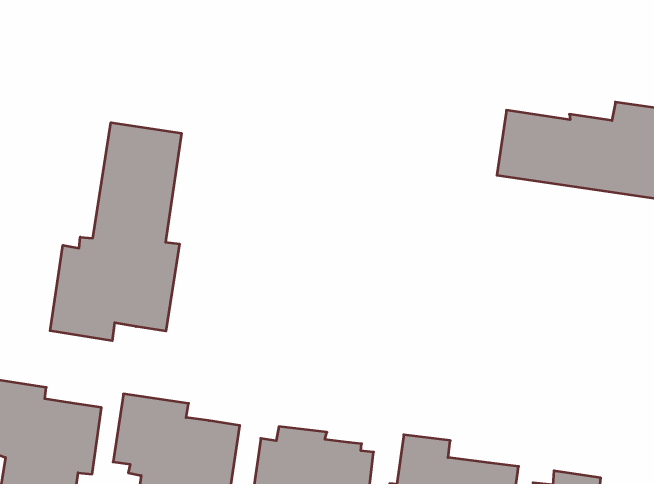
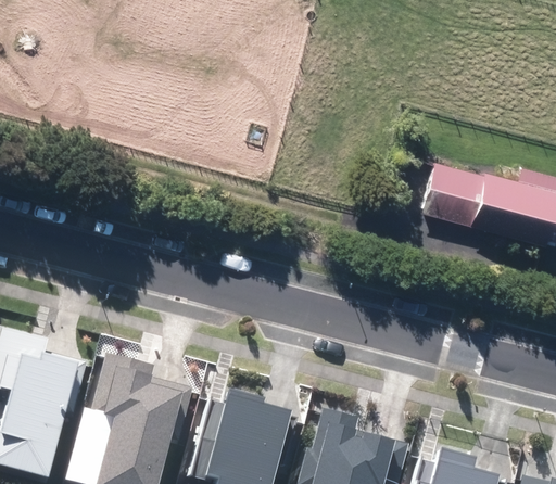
building: [50,123,181,341] -> none

